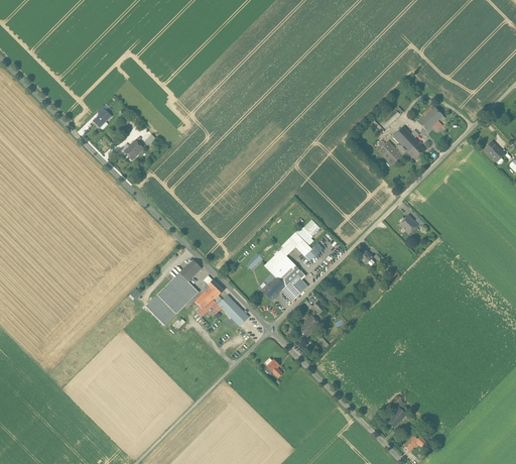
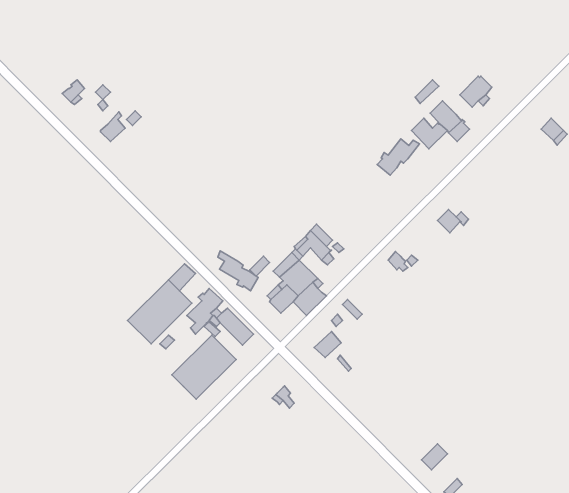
building: none -> [377,139,419,175]
building: none -> [218,251,258,291]
building: none -> [172,335,236,399]

